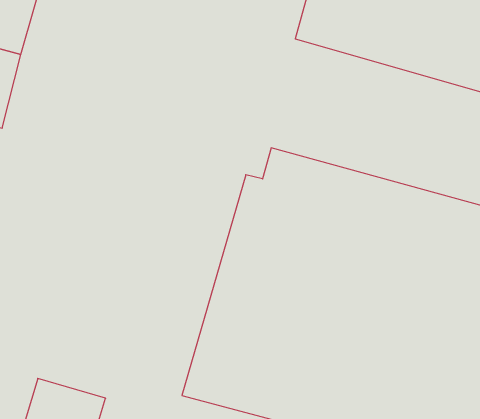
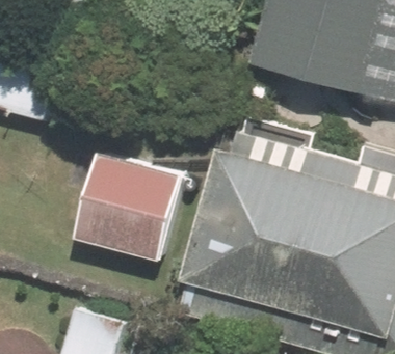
building: none -> [69,152,173,255]

